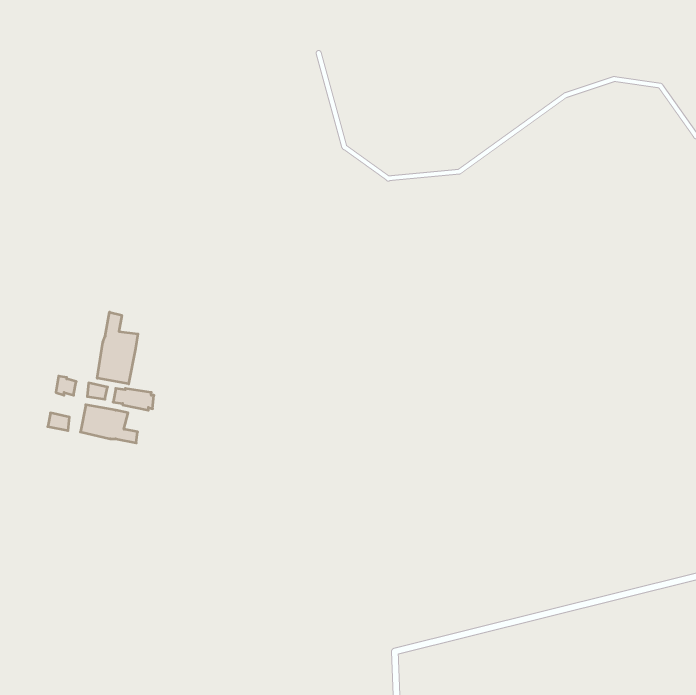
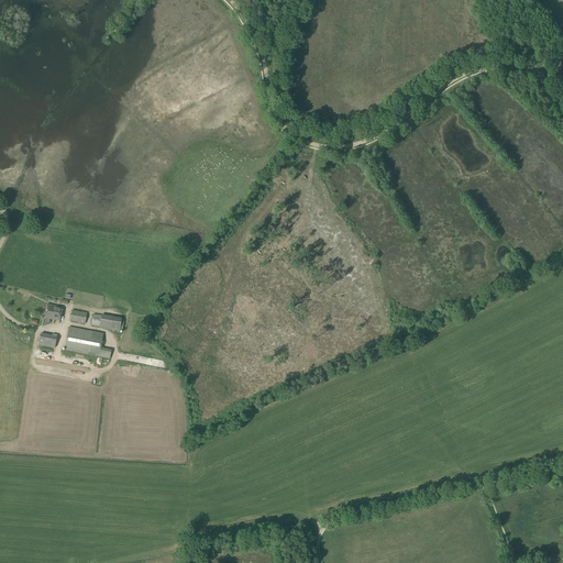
building: [97,312,138,384] -> none

